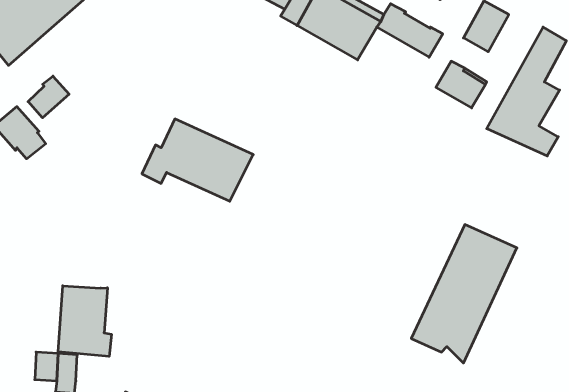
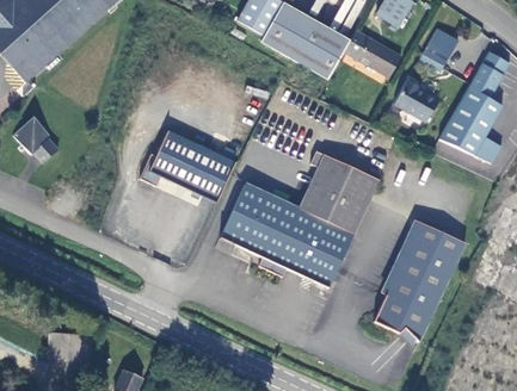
building: [28,76,69,118] -> none
building: none -> [220,150,378,287]
building: [58,286,111,356] -> none

